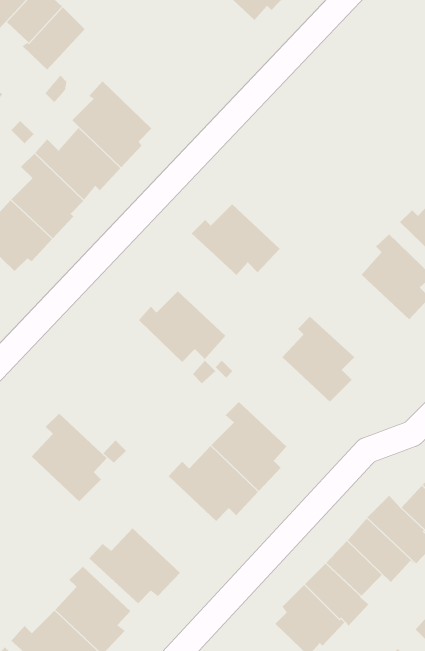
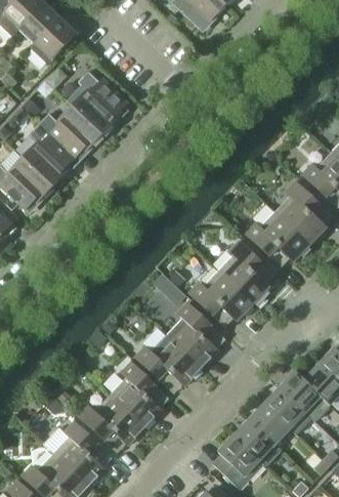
building: [191,204,280,276] -> [246,211,310,263]
building: [138,290,226,363] -> [189,271,253,323]
building: [31,413,107,502] -> [111,362,166,426]

